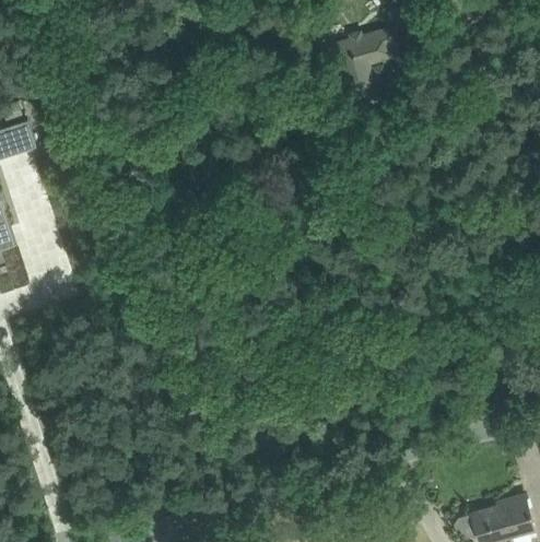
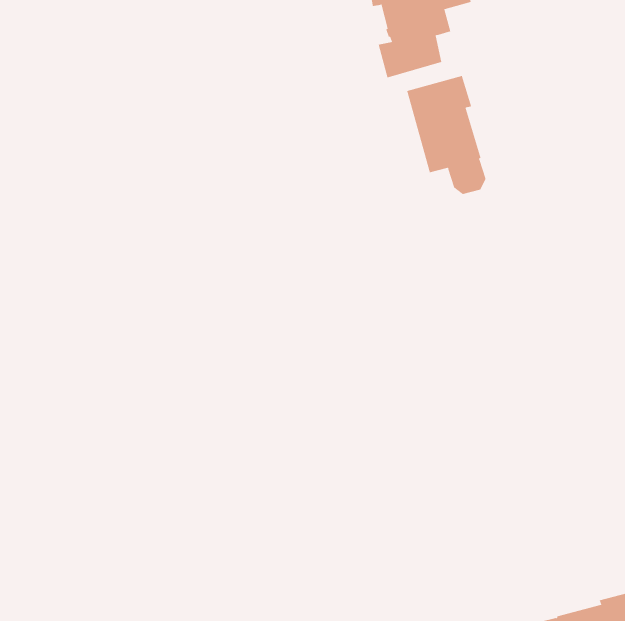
building: none -> [406,75,486,195]

